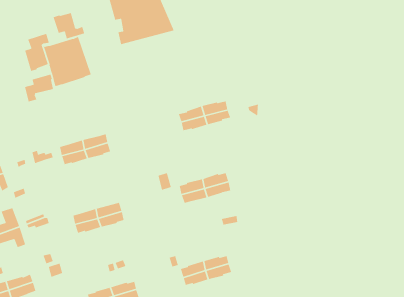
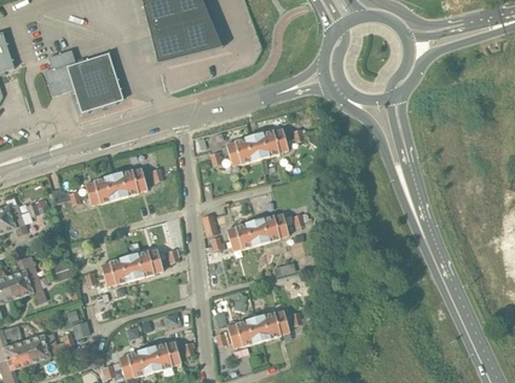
building: [53,12,85,40] -> none
building: [24,74,54,102] -> none

